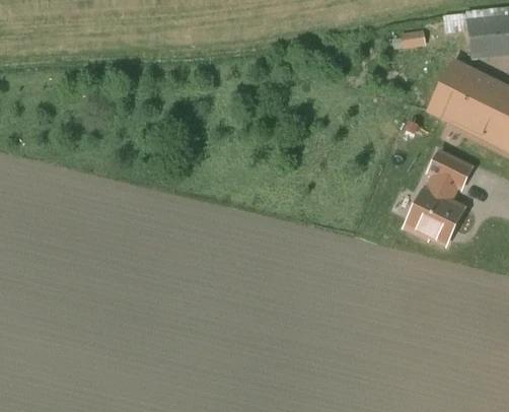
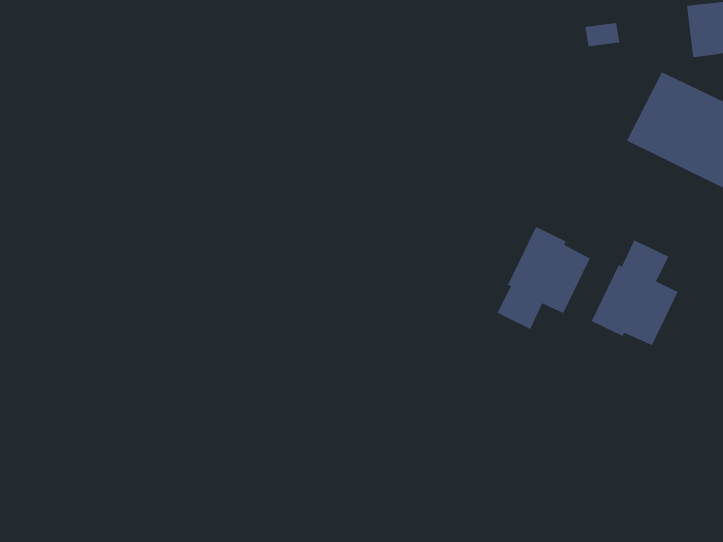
building: [429,151,470,186] -> none
building: none -> [497,226,590,330]

